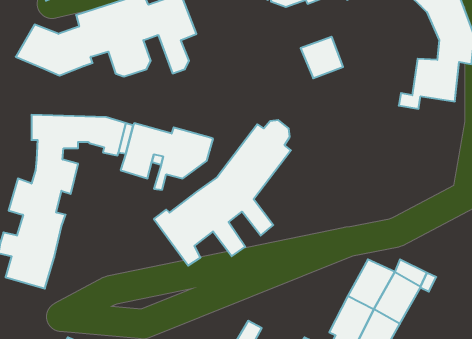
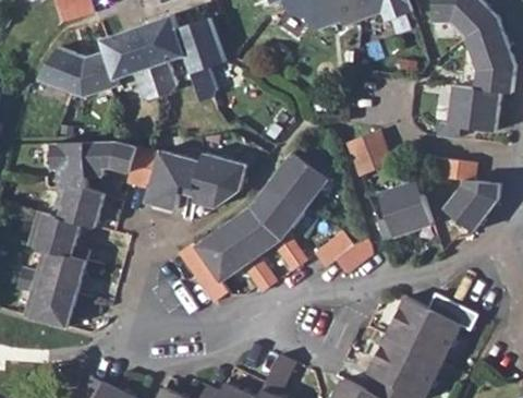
building: [301,37,343,78] -> [345,130,390,173]
building: none -> [442,157,503,228]
building: none -> [377,183,433,241]
building: none -> [315,234,373,273]

